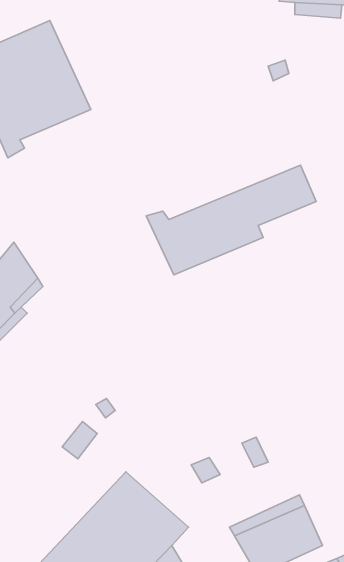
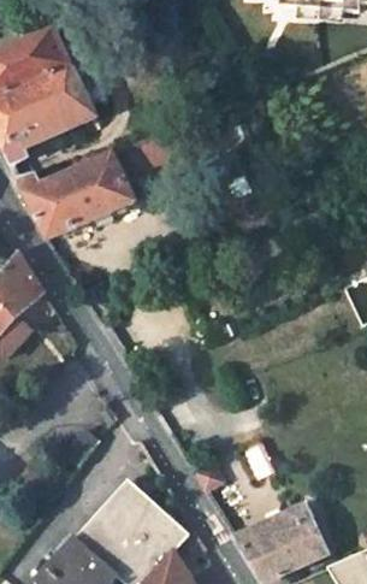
building: [146,165,316,275] -> [18,129,188,238]

